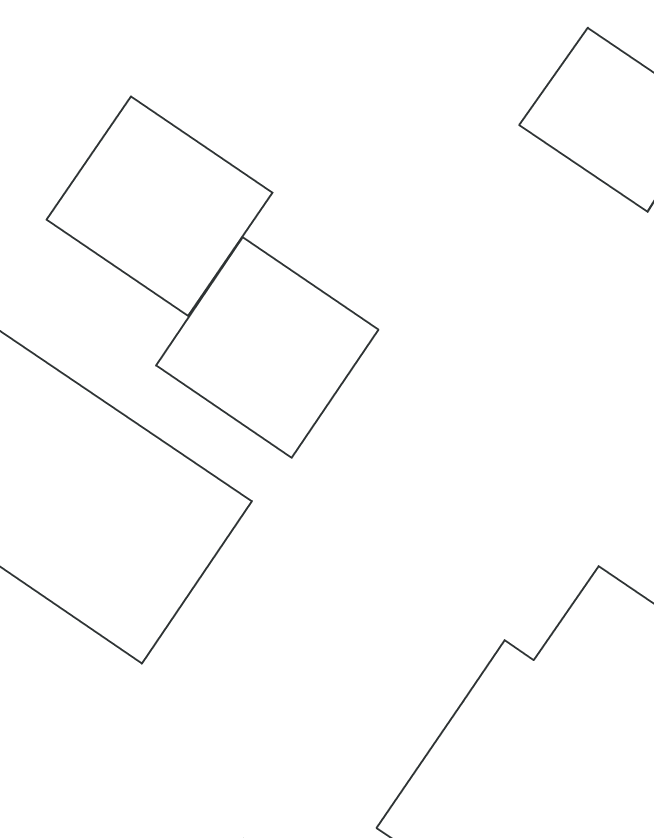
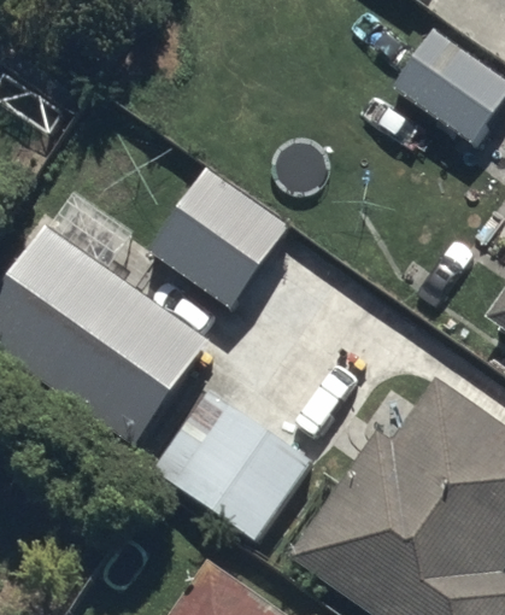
building: [47,96,273,316] -> none
building: none -> [148,383,316,544]

